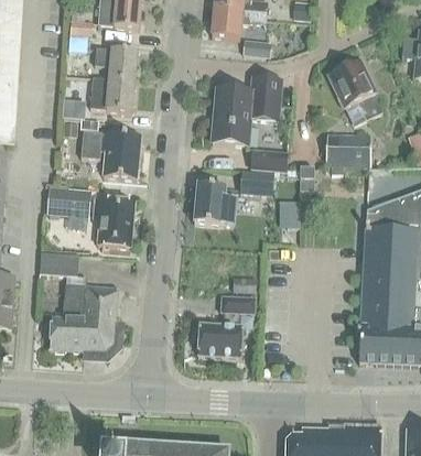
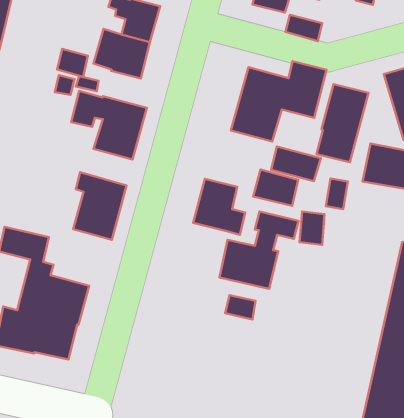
building: none -> [316,84,369,162]
building: [46,184,90,216] -> none
building: [198,295,255,357] -> [220,211,298,289]

